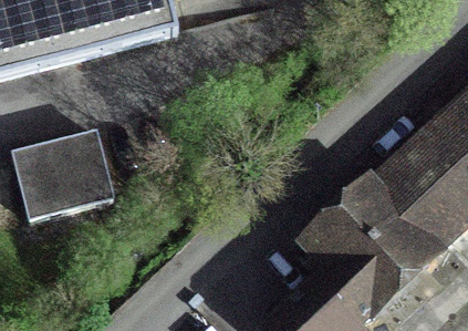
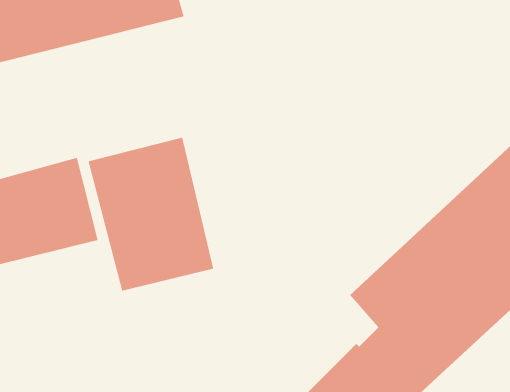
building: none -> [88,137,214,292]

